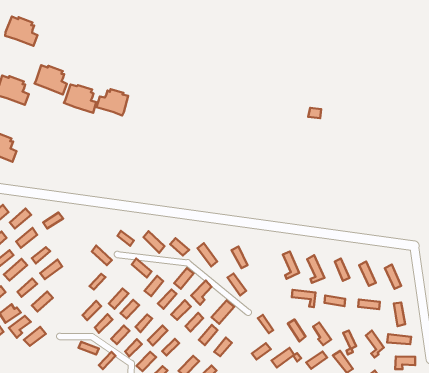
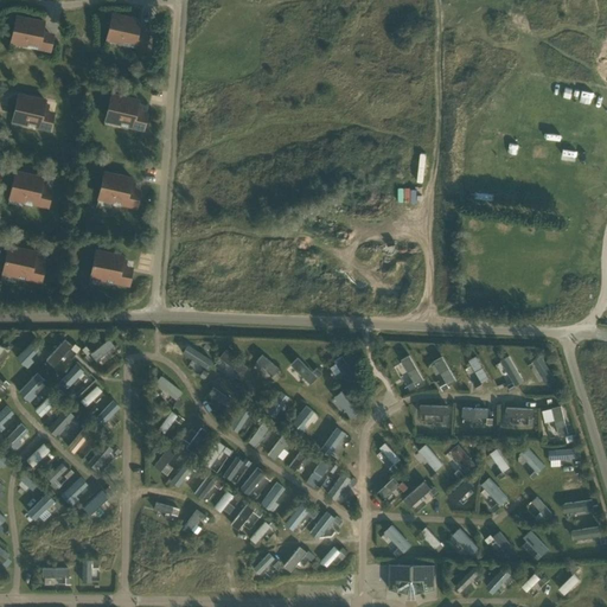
building: [34,65,67,94] -> [104,97,146,132]
building: [97,89,128,115] -> none
building: none -> [90,254,132,287]

